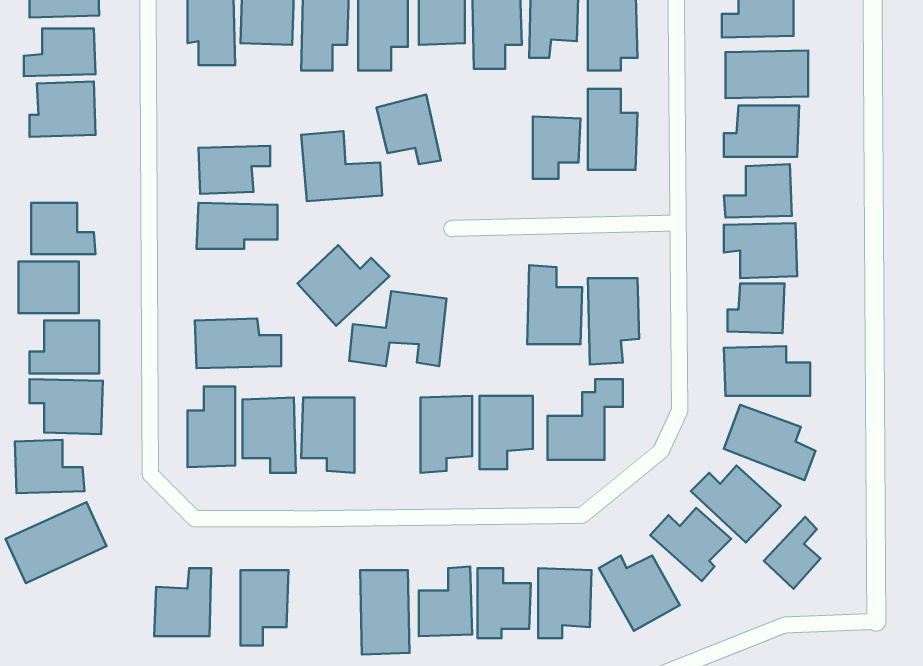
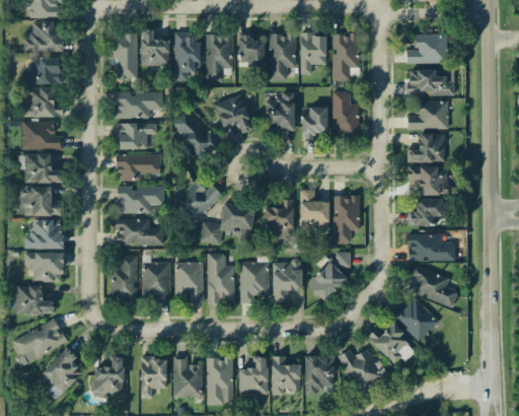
building: none -> [116,91,163,118]
building: none -> [266,92,295,130]
building: none -> [21,121,63,150]
building: none -> [117,186,164,213]
building: none -> [265,199,294,238]
building: none -> [207,253,235,302]
building: [764,517,821,589] -> none
building: none -> [35,346,83,400]
building: none -> [172,356,203,398]

